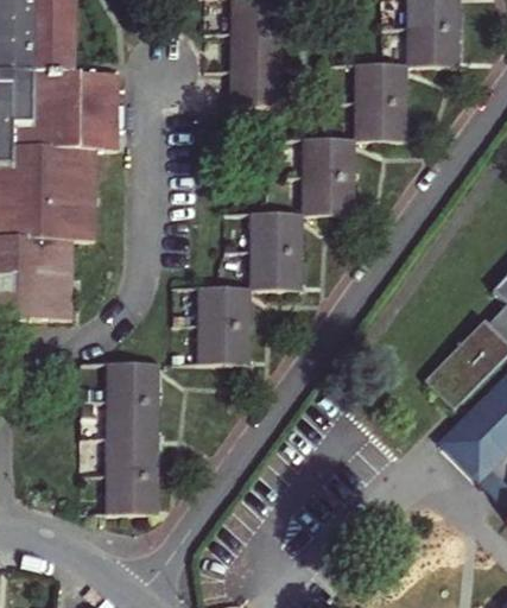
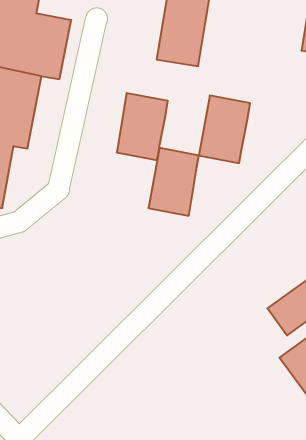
building: [354,63,406,139] -> none
building: [198,286,251,362] -> [117,93,168,160]
building: [106,362,158,512] -> none

